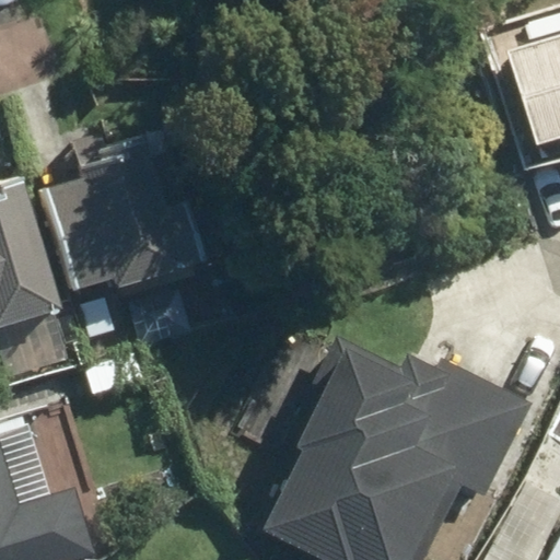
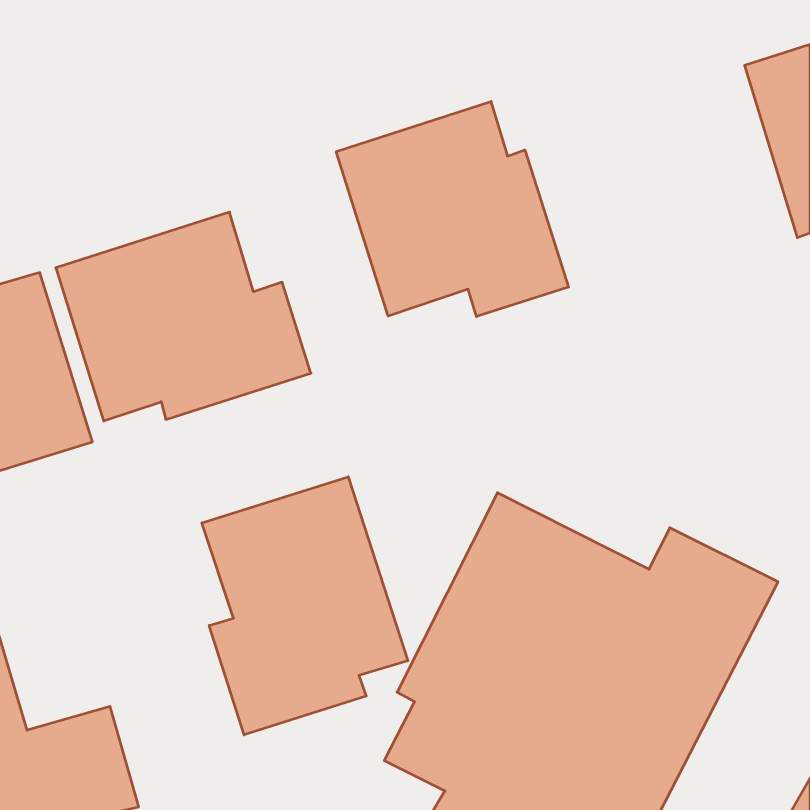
building: none -> [336,101,569,317]
building: none -> [202,477,408,735]

